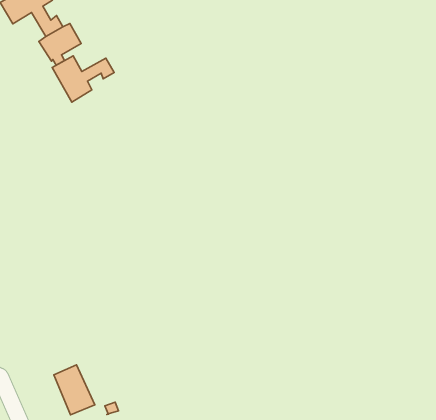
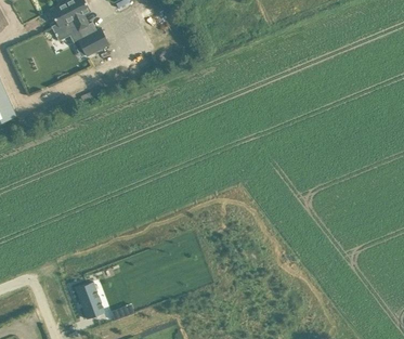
building: [52,56,114,102] -> none

